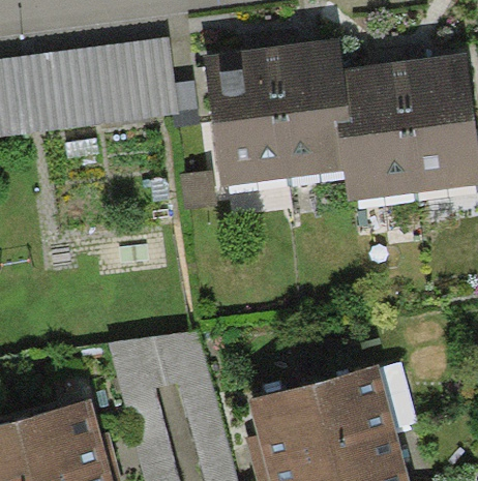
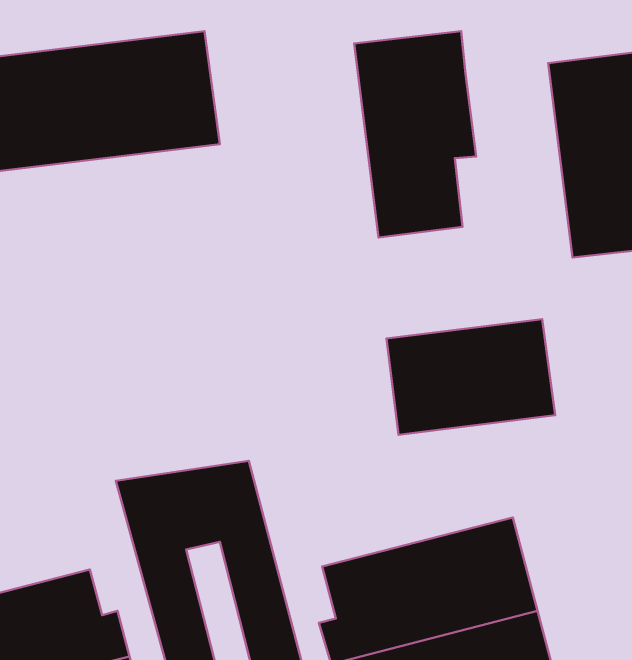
building: [205,47,286,186] -> none
building: [337,60,417,201] -> none
building: none -> [386,319,555,435]

